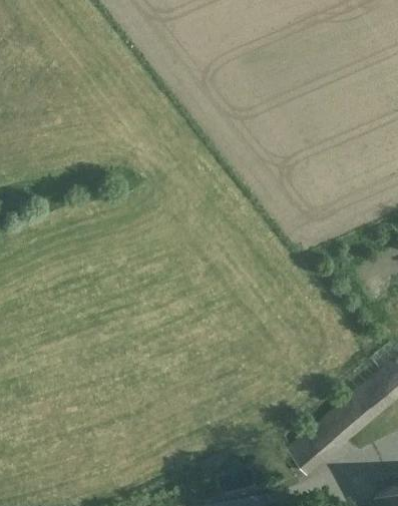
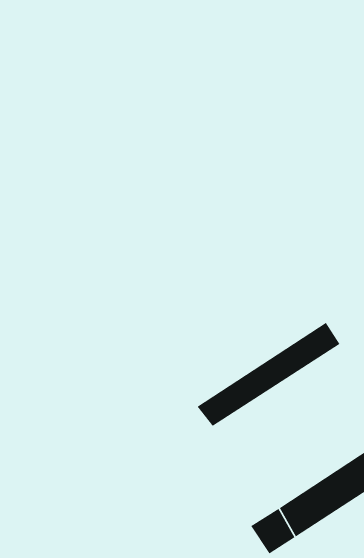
building: none -> [196,322,340,427]

